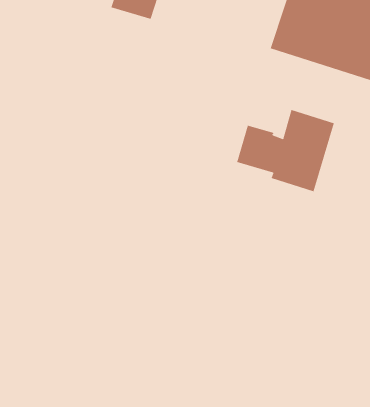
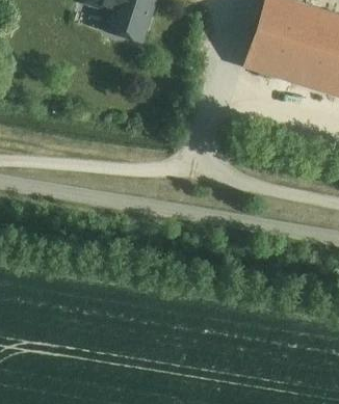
building: [237,109,334,192] -> none

